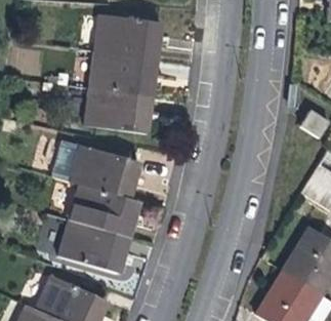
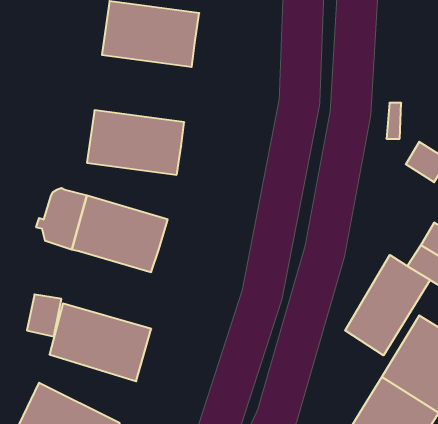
building: [89,49,156,95] -> none
building: [68,184,139,237] -> none
building: none -> [345,255,430,355]

